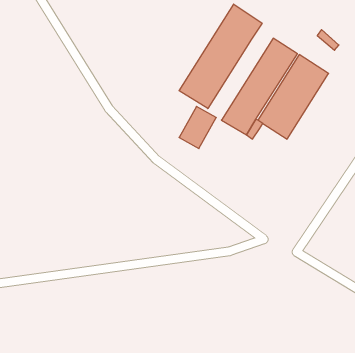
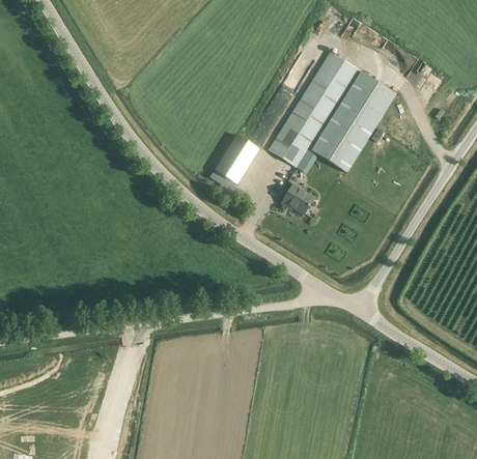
building: [179,4,262,109] -> none
building: none -> [281,182,314,214]

